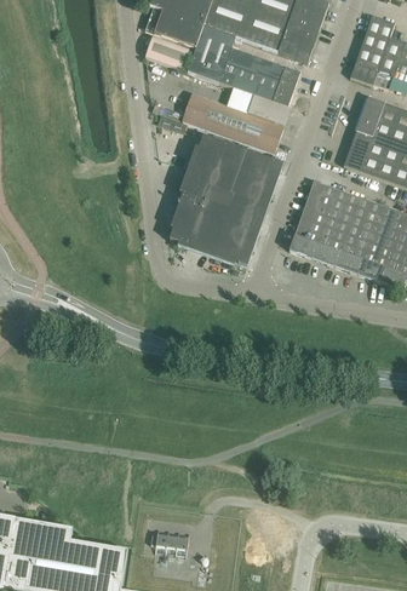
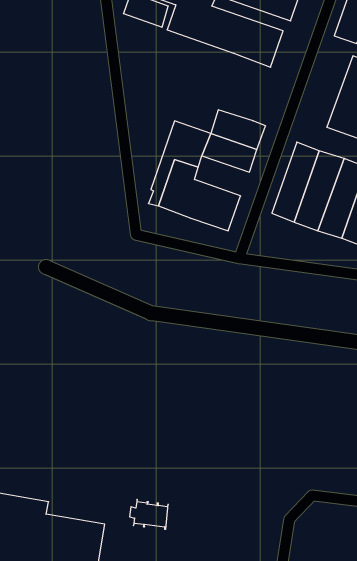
building: [182,92,290,153] -> none
building: [194,136,236,171] -> none
building: [213,193,266,231] -> none

